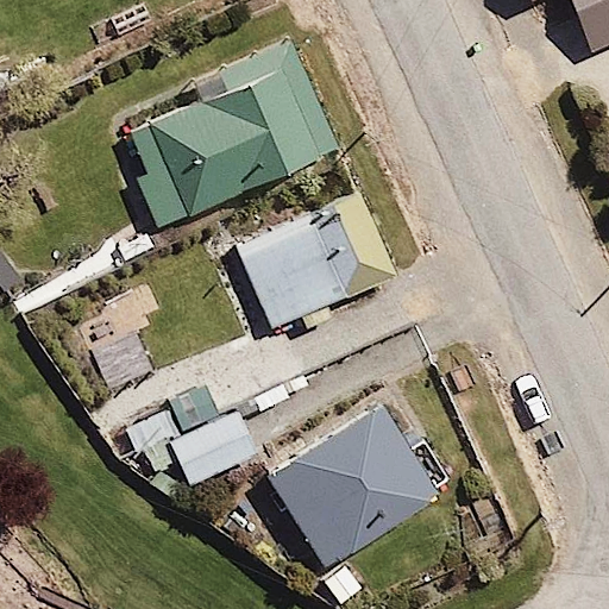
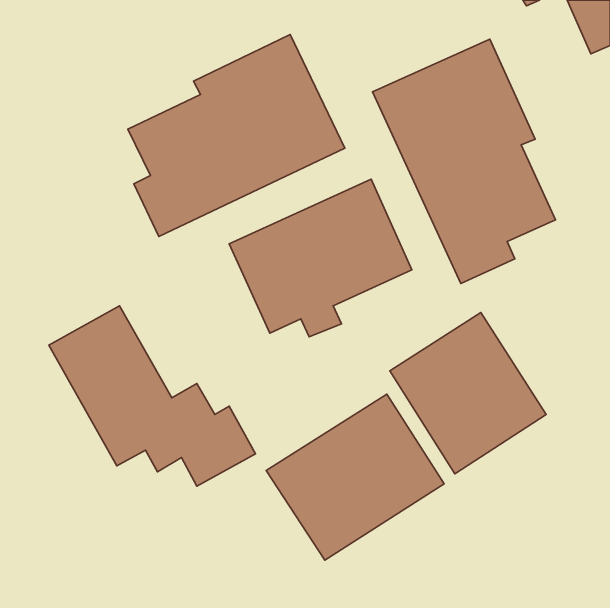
building: none -> [373,39,555,284]
building: none -> [390,312,546,474]

